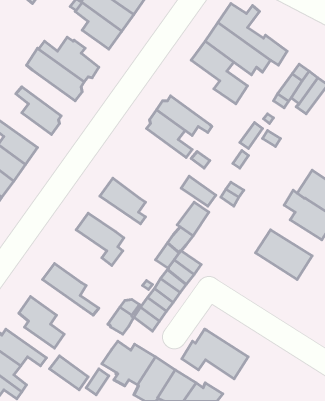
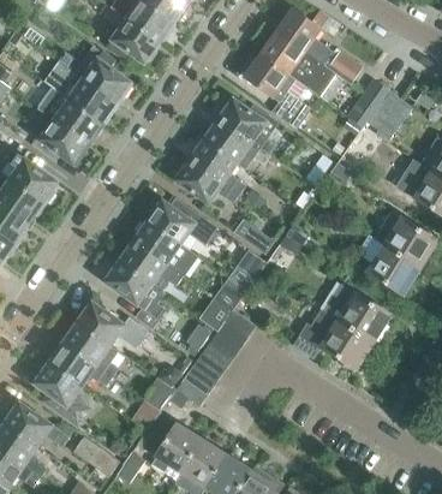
building: none -> [38,89,103,144]
building: none -> [219,96,276,155]
building: none -> [172,160,238,204]
building: none -> [149,197,216,245]
building: none -> [119,242,195,293]
building: none -> [78,302,145,346]
building: none -> [49,343,113,386]
building: [182,329,248,379] -> [292,309,372,369]

